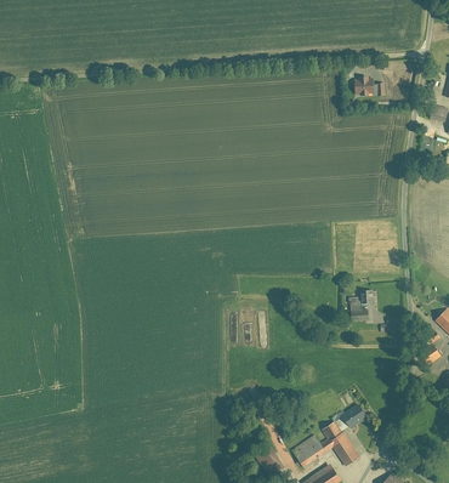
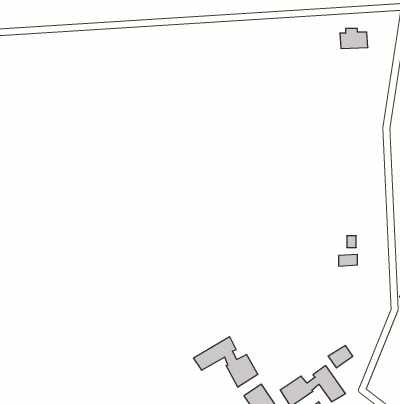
building: none -> [193,337,258,387]

